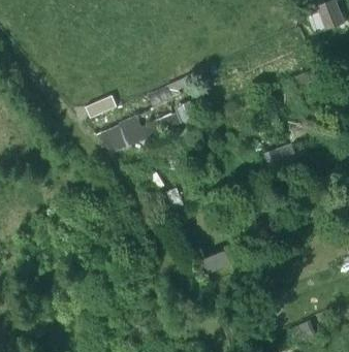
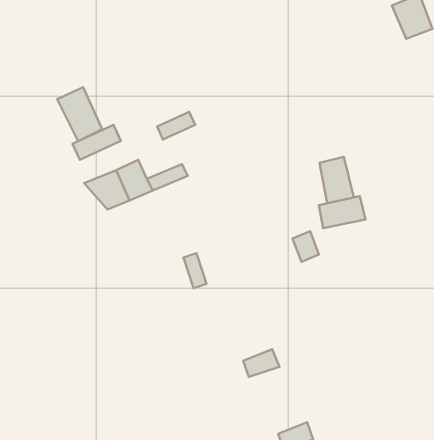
building: none -> [57,87,102,141]
building: none -> [319,157,354,203]

